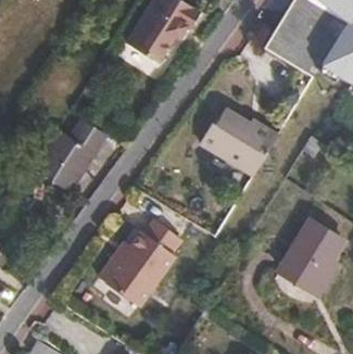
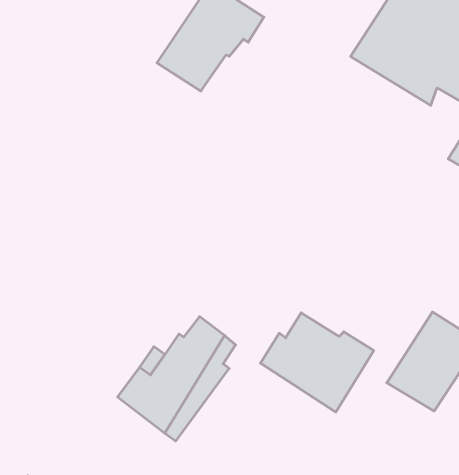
building: [205,110,283,178] -> [260,313,374,412]
building: [35,125,105,195] -> none

